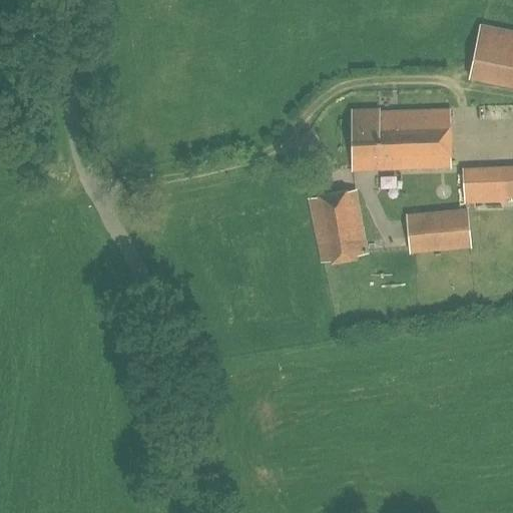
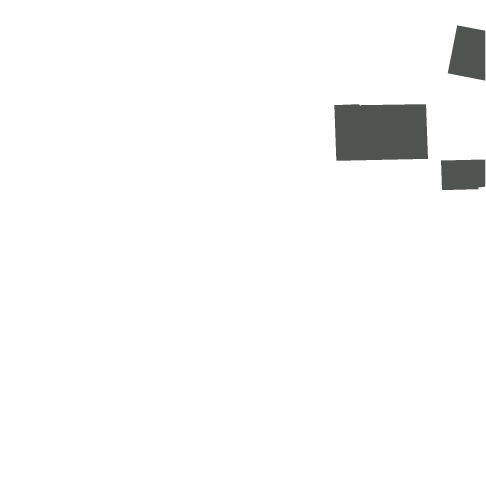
building: [309,190,367,261] -> none
building: [407,209,470,250] -> none

